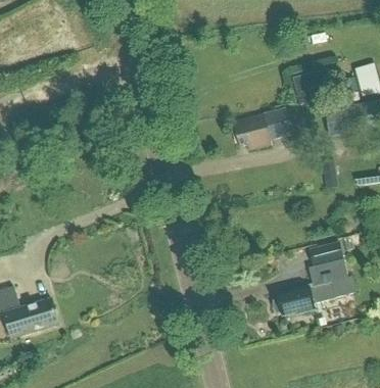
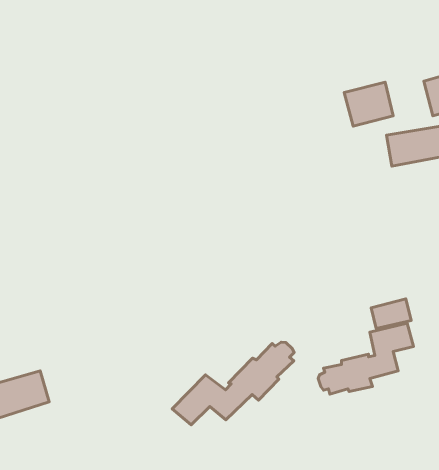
building: [233,110,290,151] -> none
building: none -> [172,342,294,425]

